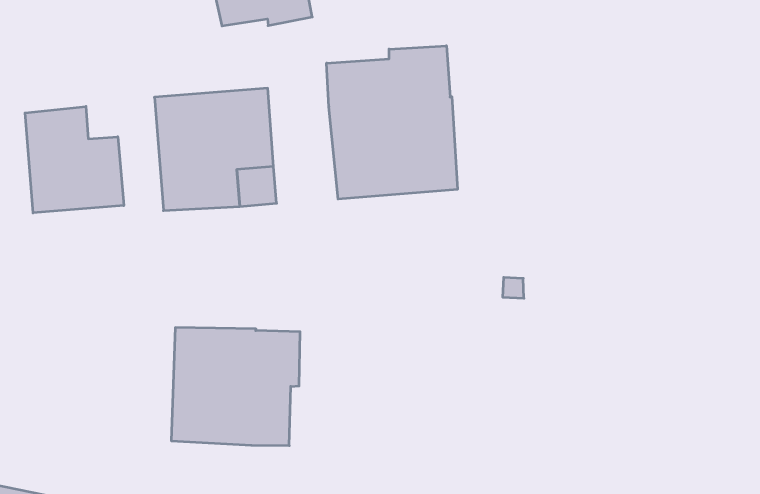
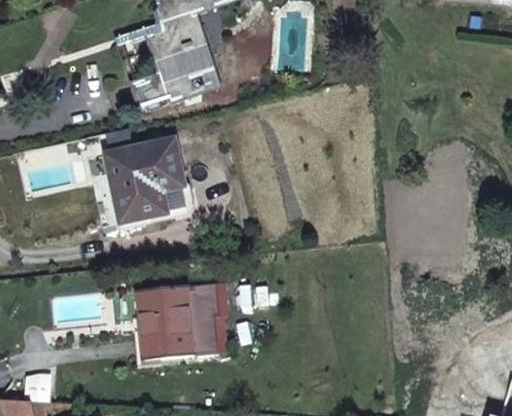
building: [327,46,457,199] -> none
building: [25,106,124,213] -> none

